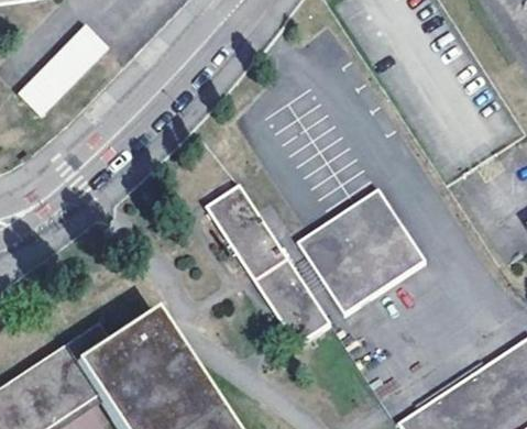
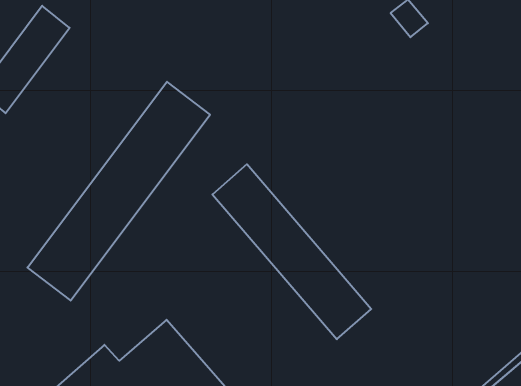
building: none -> [27,82,210,301]
building: [297,190,425,315] -> none

